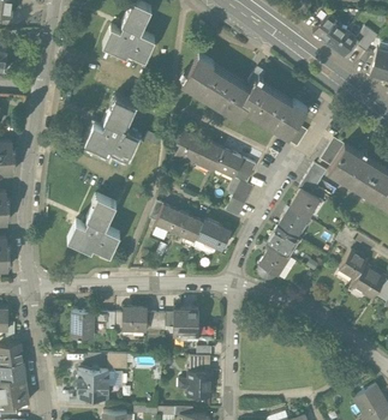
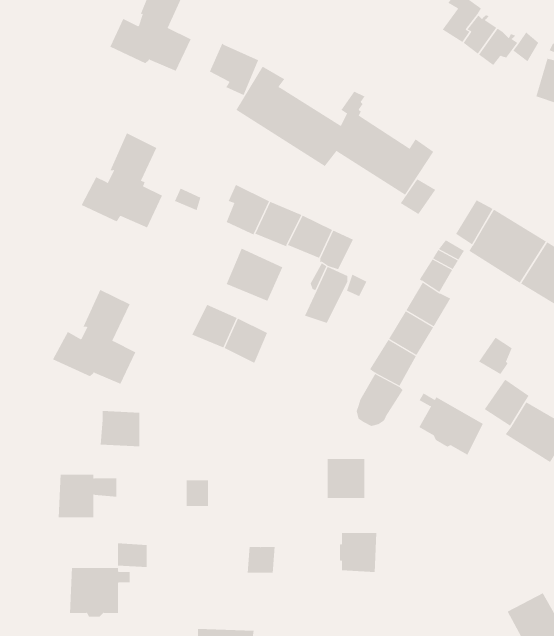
building: none -> [209,43,259,96]
building: [196,216,232,250] -> [226,248,283,301]
building: none -> [418,393,483,456]
building: [123,308,148,331] -> [100,410,140,447]
building: [174,310,198,335] -> [327,458,365,498]
building: [189,373,213,398] -> [339,532,377,572]

